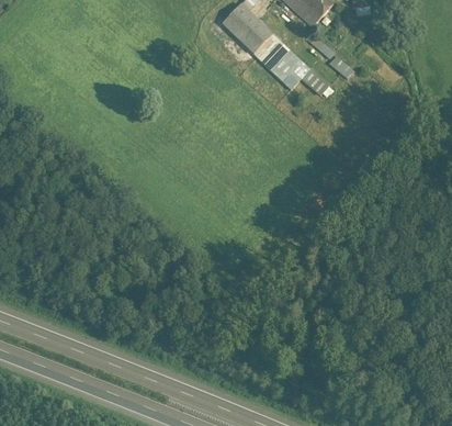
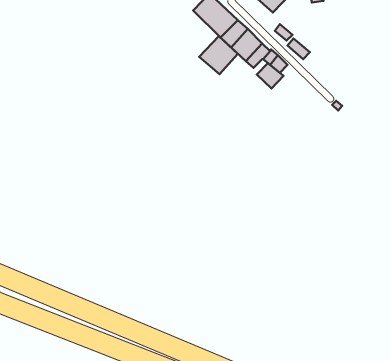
building: none -> [199,36,238,74]
building: none -> [257,63,284,89]

